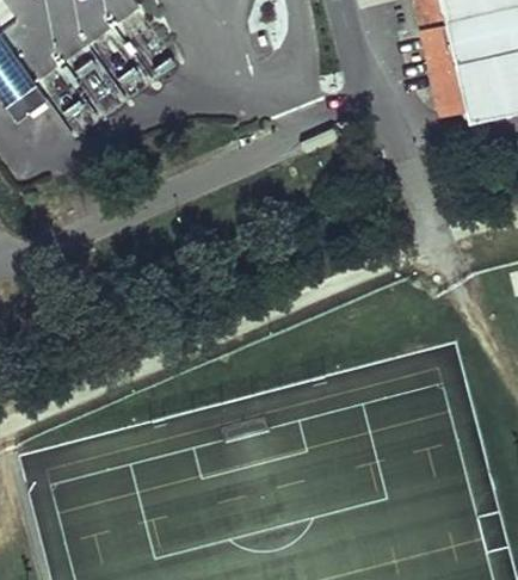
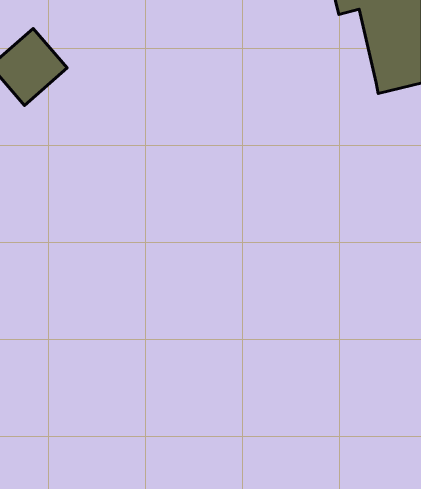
building: [424,24,465,112] -> none

